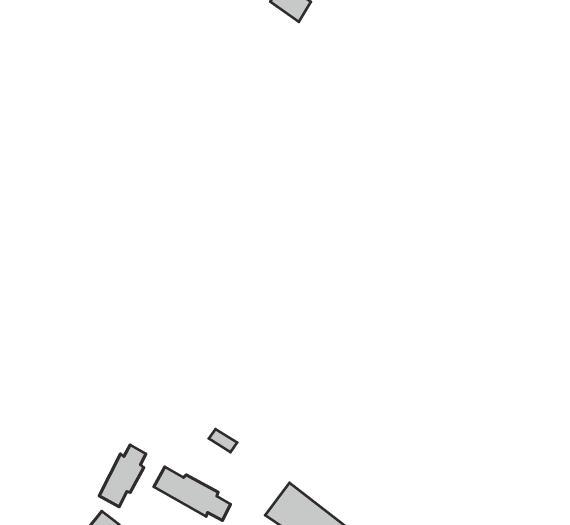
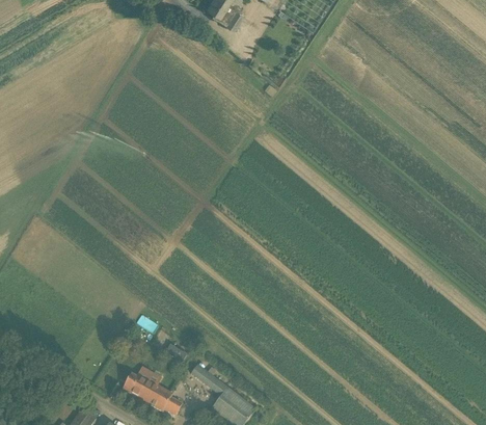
building: [99,445,146,507] -> none

